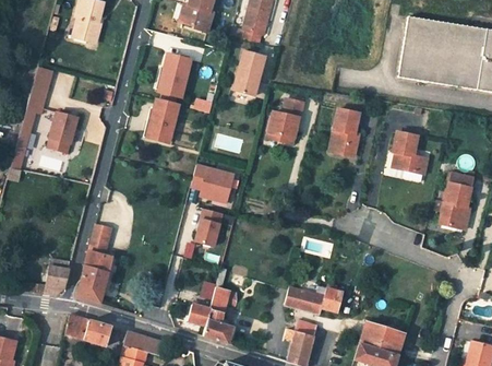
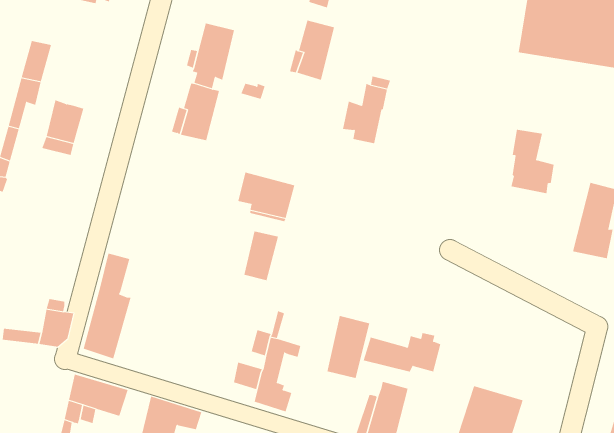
building: [331,108,360,155] -> none
building: none -> [327,315,370,379]

